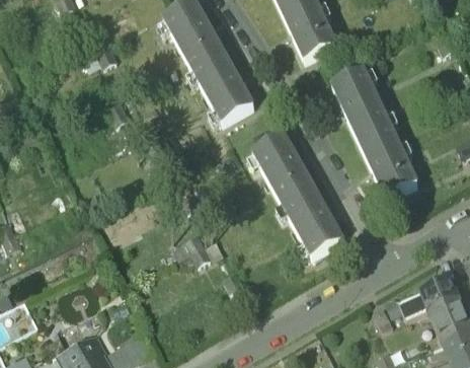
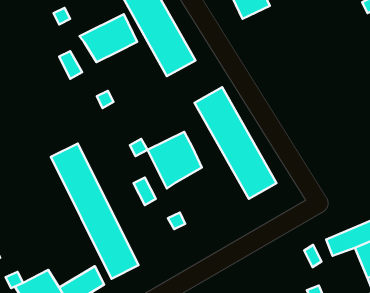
building: none -> [80,14,137,62]
building: [333,69,417,198] -> none
building: none -> [147,132,202,188]
building: none -> [51,143,139,279]

